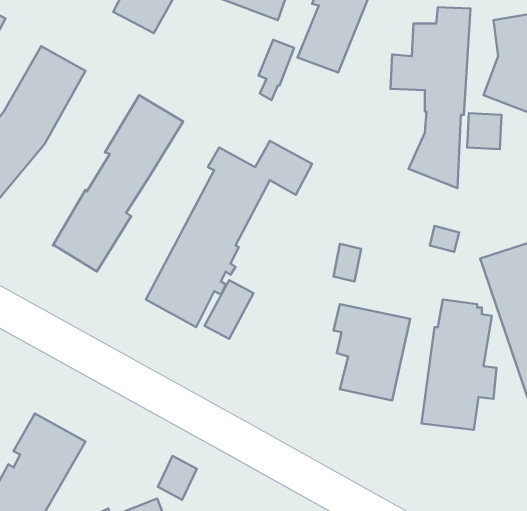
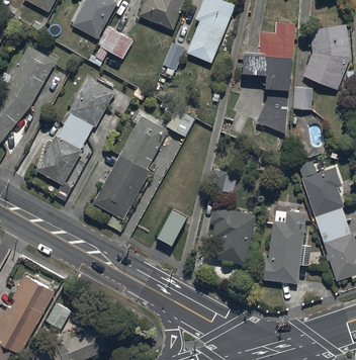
building: none -> [87,26,132,68]
building: [205,280,254,339] -> [157,209,187,246]
building: [158,456,197,500] -> [46,302,70,330]

